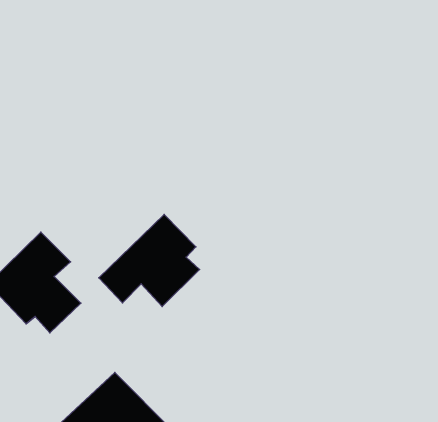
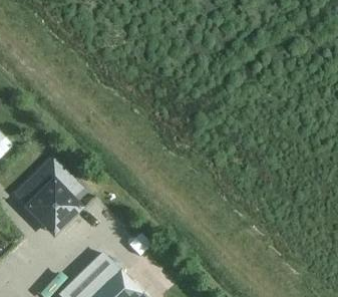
building: [99,215,200,306] -> none

